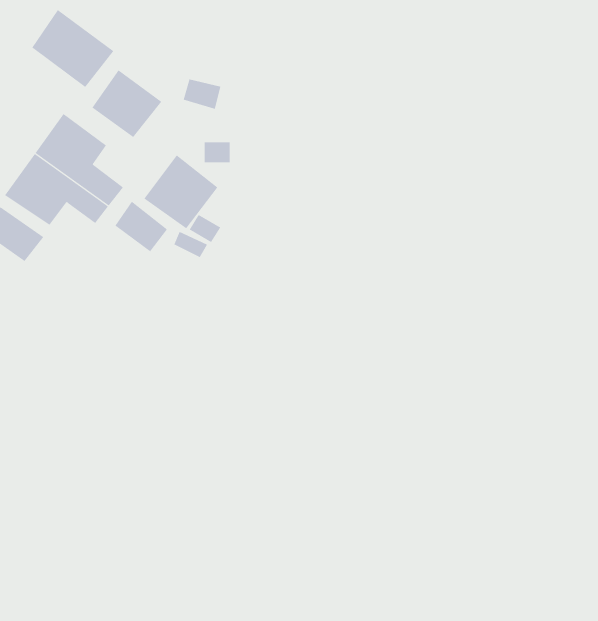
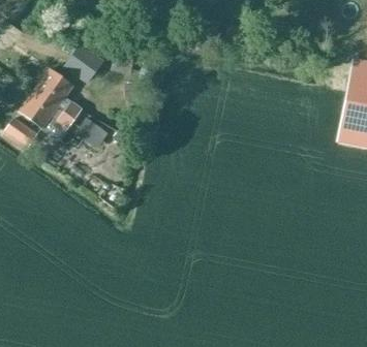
building: [32,9,114,88] -> none
building: [144,154,218,229] -> none

